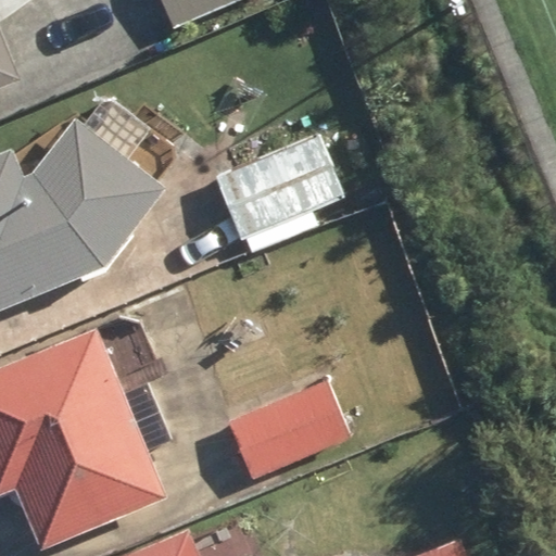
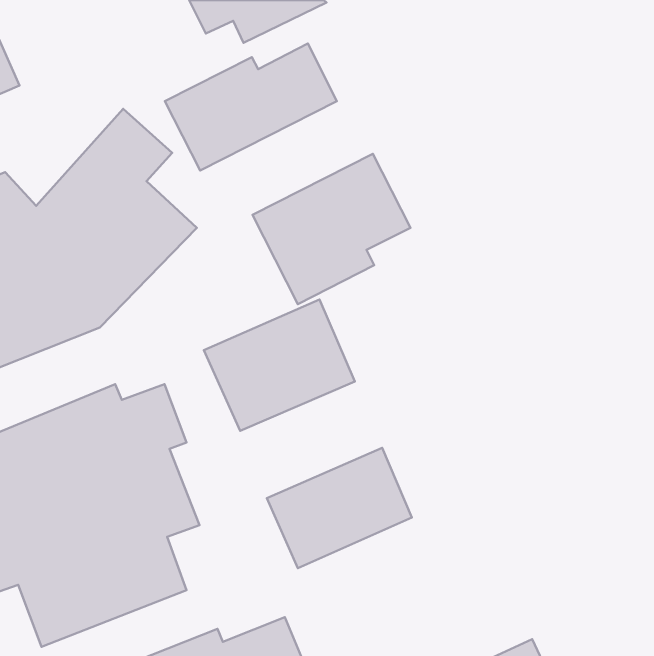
building: none -> [165,44,337,171]
building: none -> [204,300,355,431]

